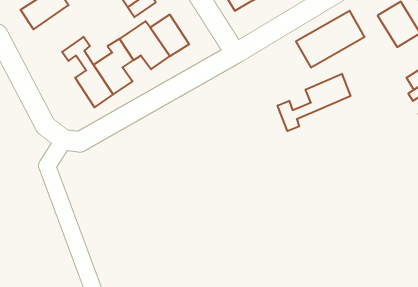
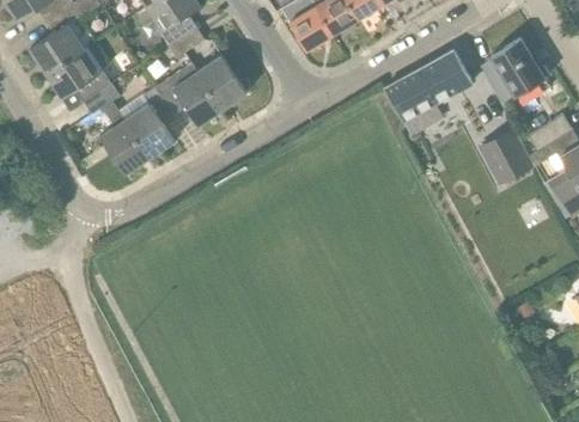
building: none -> [47,48,111,103]
building: none -> [482,130,530,183]
building: [278,74,350,131] -> none

